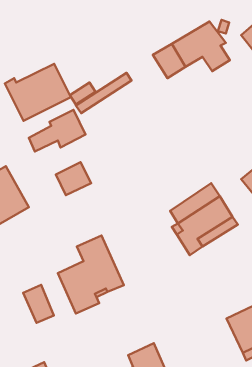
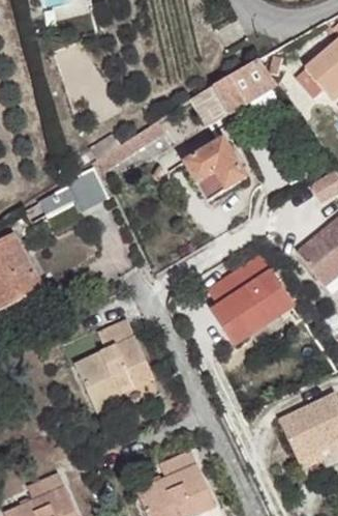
building: [5,64,71,121] -> none
building: none -> [183,137,246,201]
building: [56,162,91,195] -> none
building: [23,285,54,323] -> none

